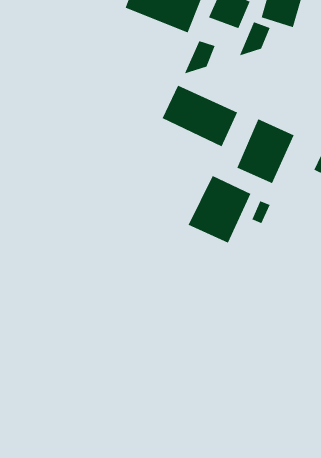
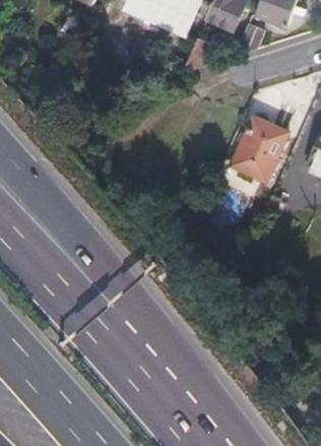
building: [162,85,238,147] -> none
building: [188,175,251,243] -> none

